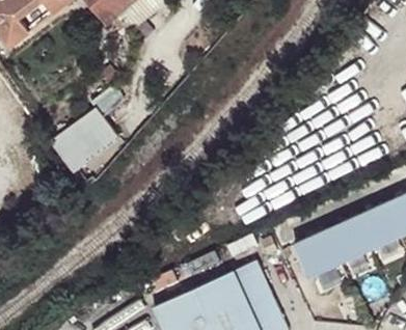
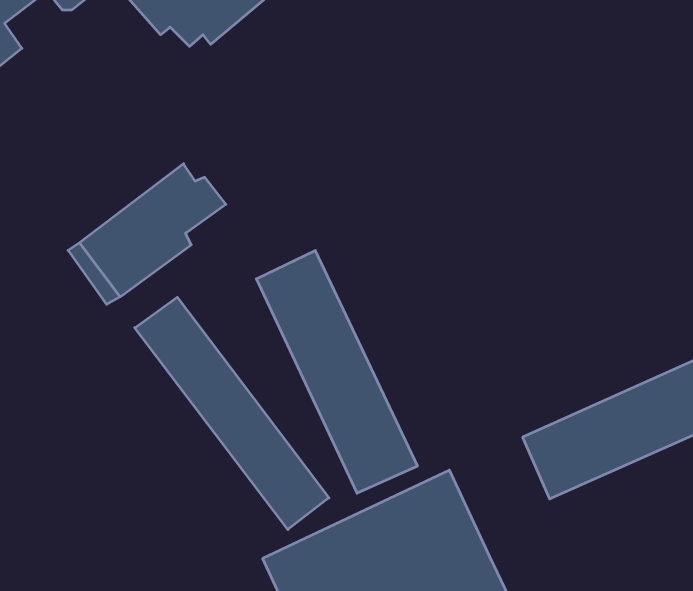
building: none -> [256,250,417,493]
building: none -> [135,297,329,530]

